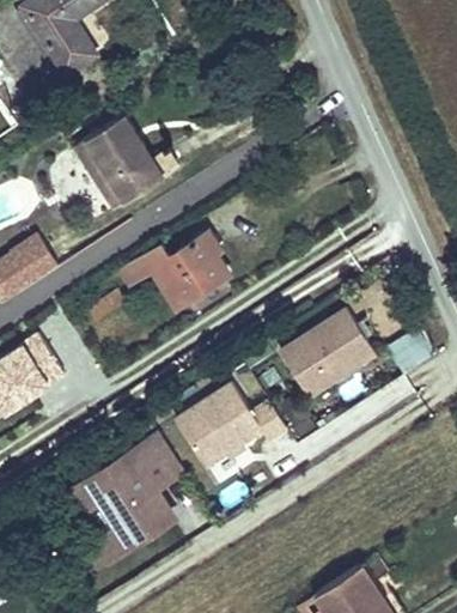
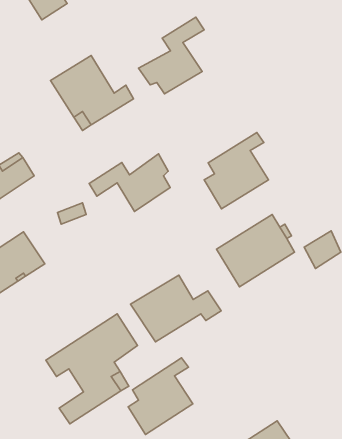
building: none -> [138,17,204,94]
building: none -> [204,132,268,209]
building: none -> [128,358,193,434]

